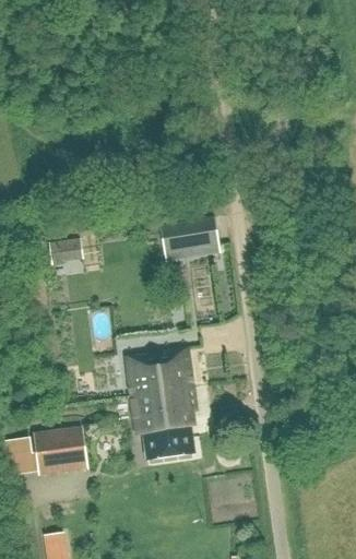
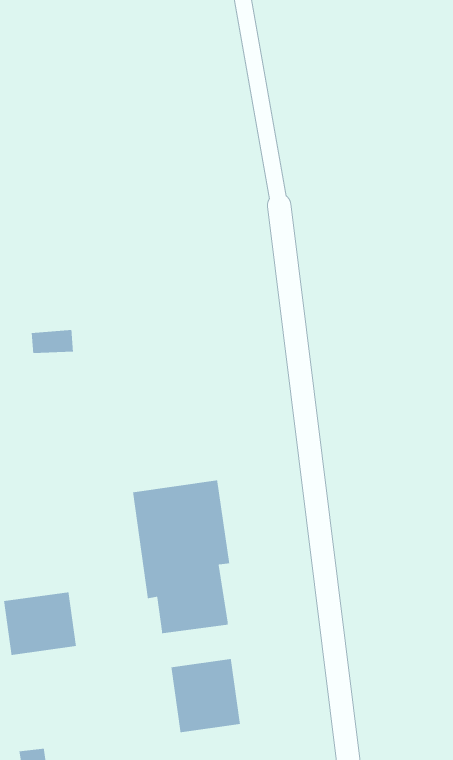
building: [161,219,219,255] -> none
building: none -> [170,658,241,733]

